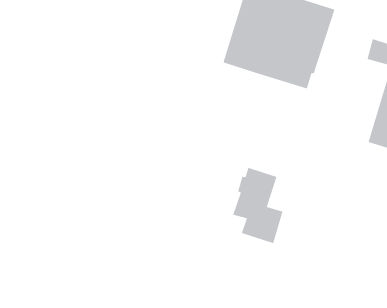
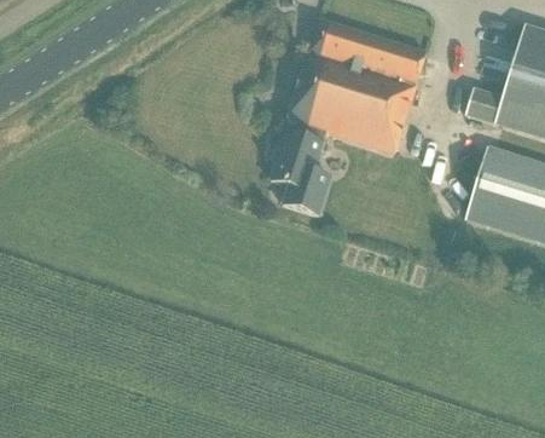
building: [232,167,283,244] -> [268,120,332,217]

